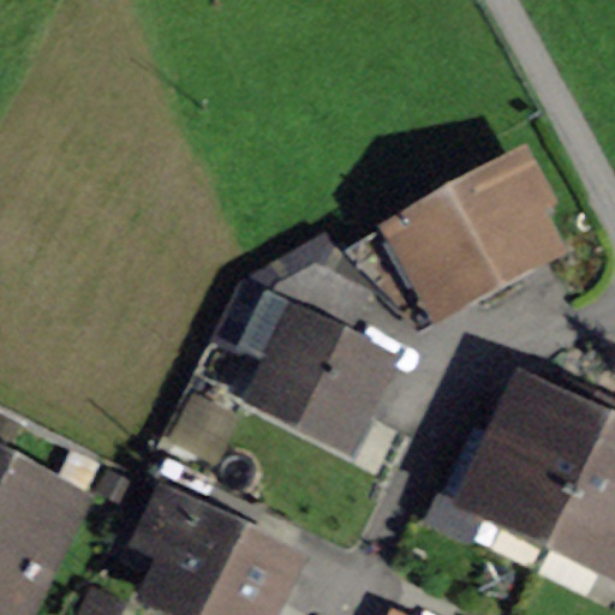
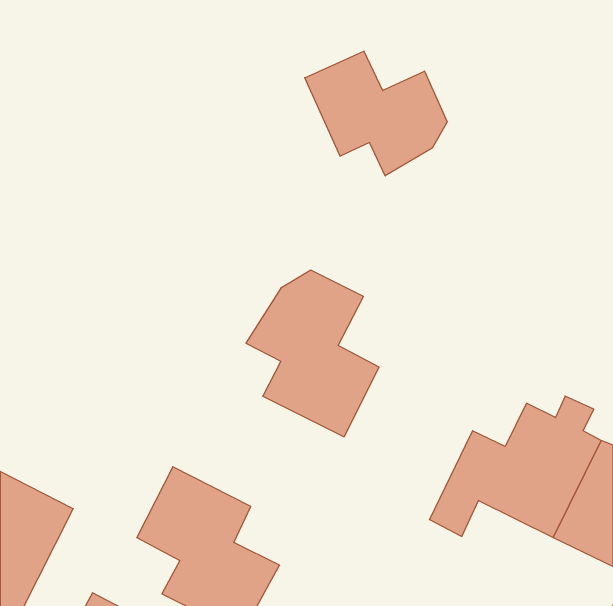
building: none -> [305,51,447,176]
building: [342,178,544,321] -> none

